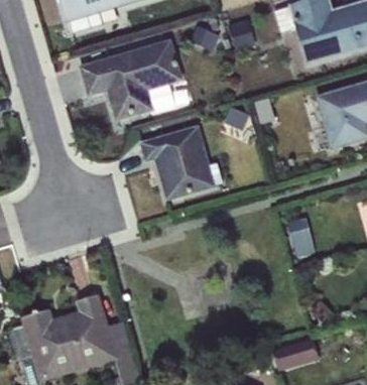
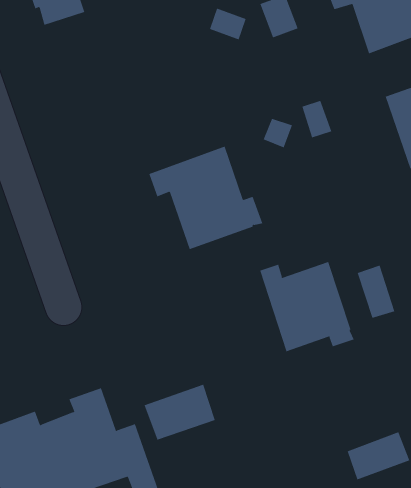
building: [78,37,182,121] -> none
building: none -> [260,261,355,352]
building: none -> [144,384,215,440]

